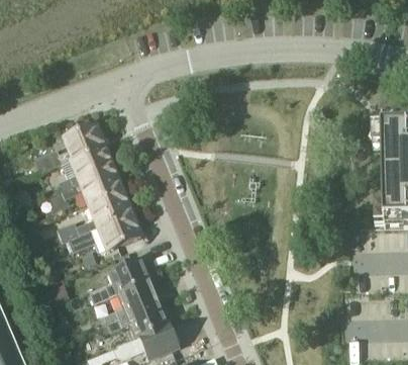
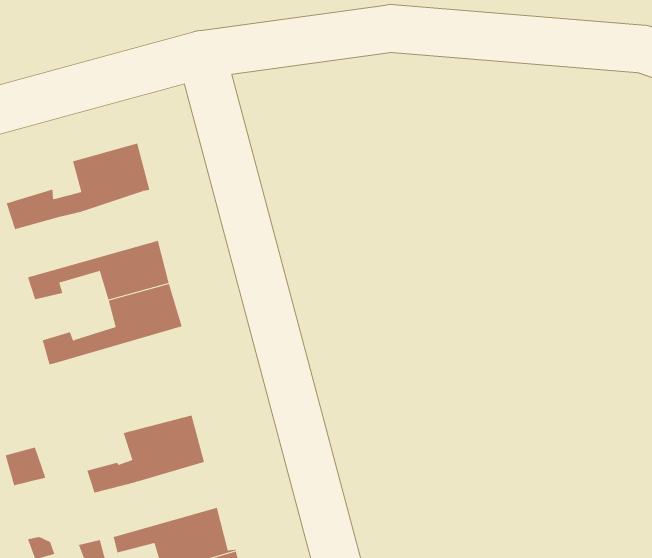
building: [50,145,115,195] -> none
building: [70,211,141,250] -> none
building: [106,279,161,323] -> none

